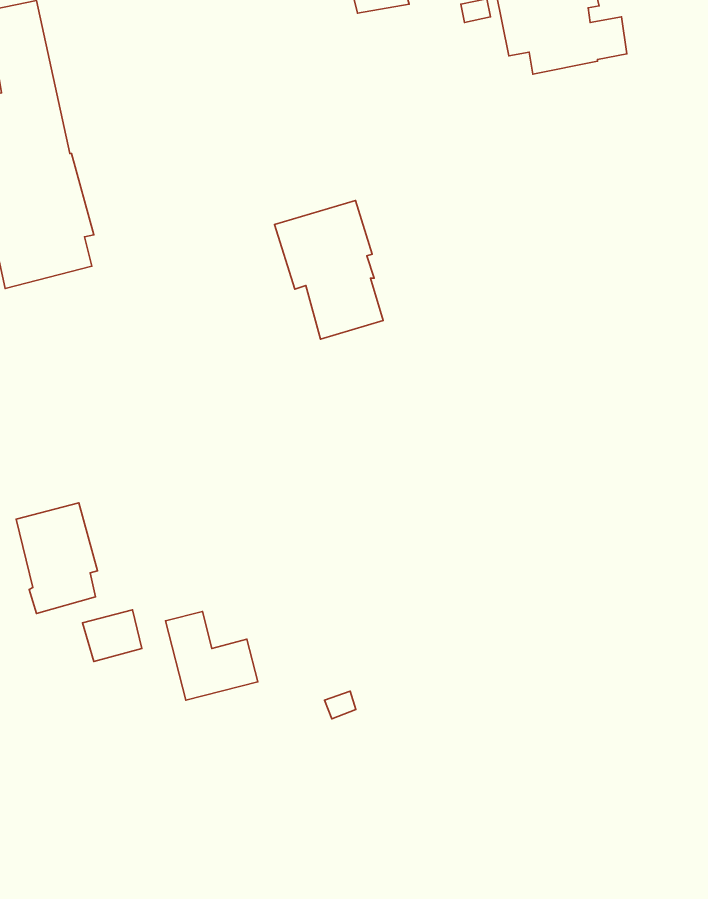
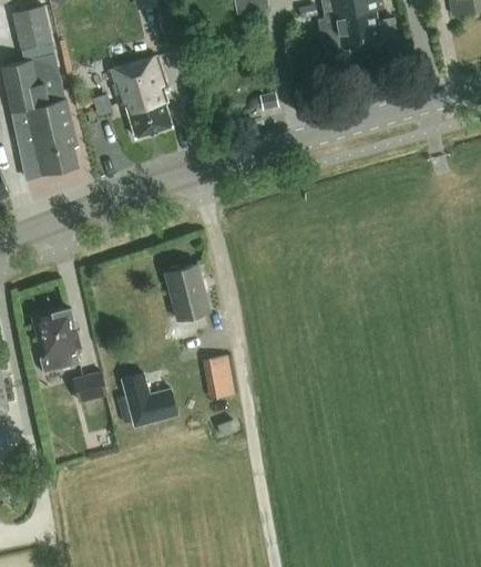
building: [274,201,383,339] -> [108,56,173,140]
building: none -> [164,265,209,321]
building: none -> [208,355,235,399]

